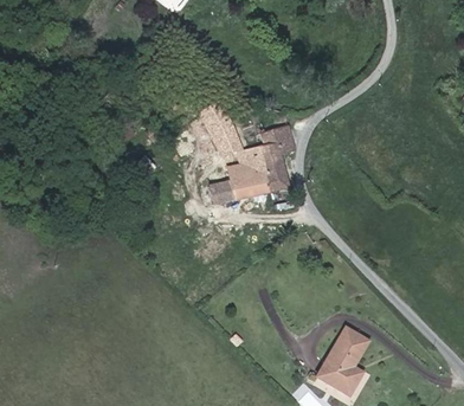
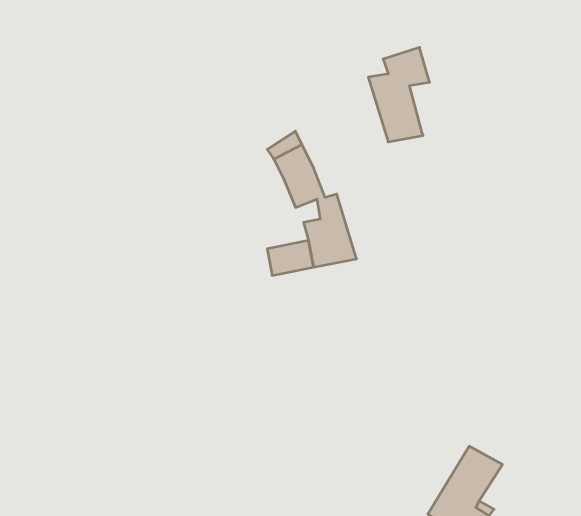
building: [251,127,295,194] -> [368,47,430,142]

